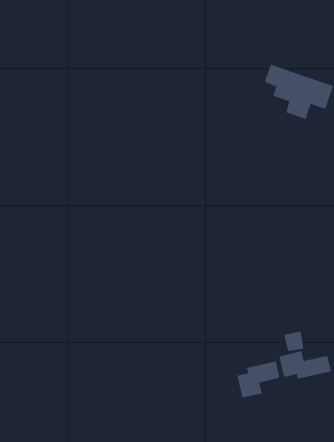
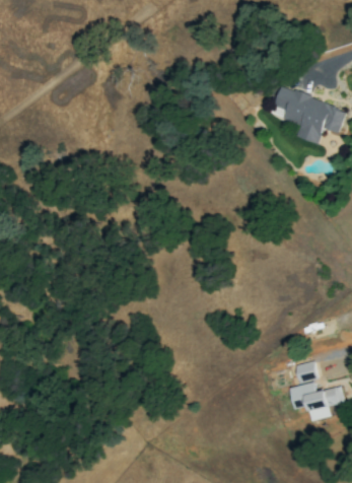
building: [237,361,280,398] -> none

